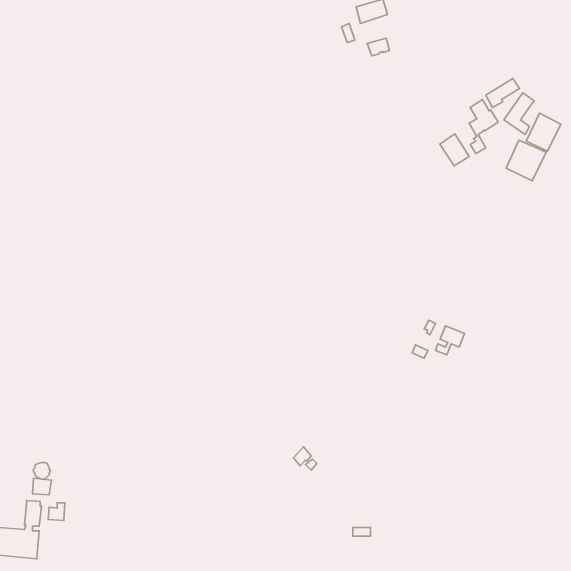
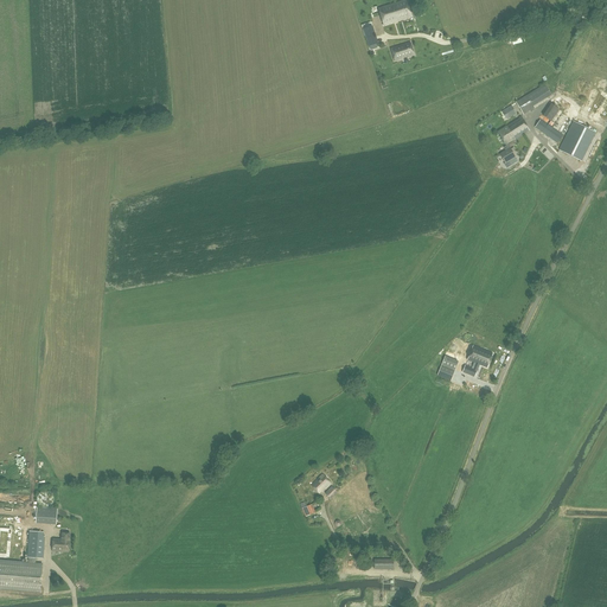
building: [440,134,469,166] -> none
building: [506,140,546,181] -> none

